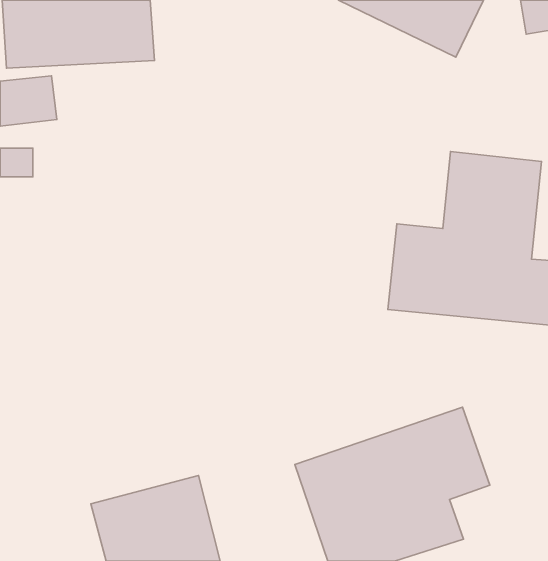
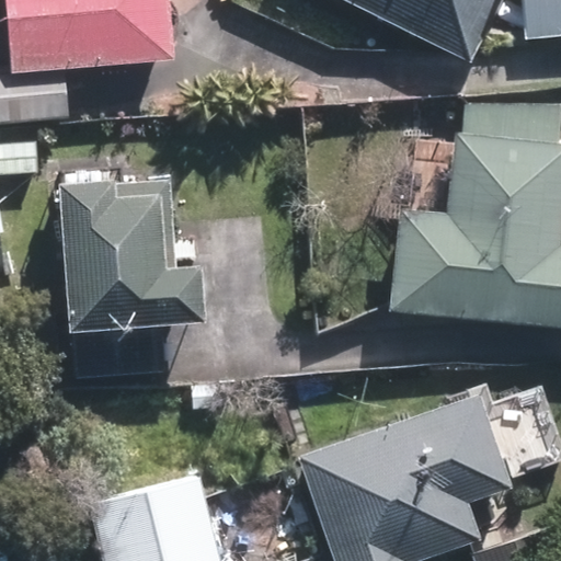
building: none -> [57,201,191,336]

